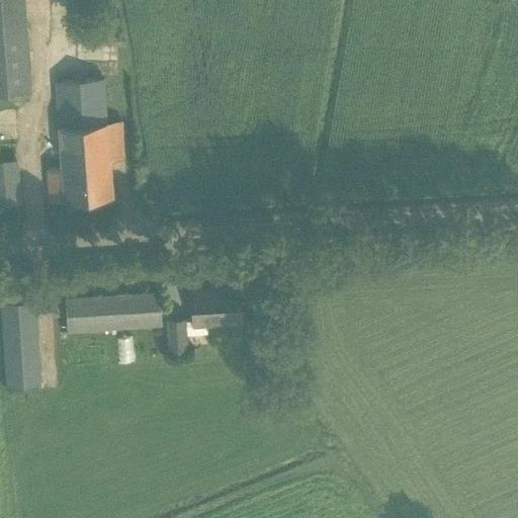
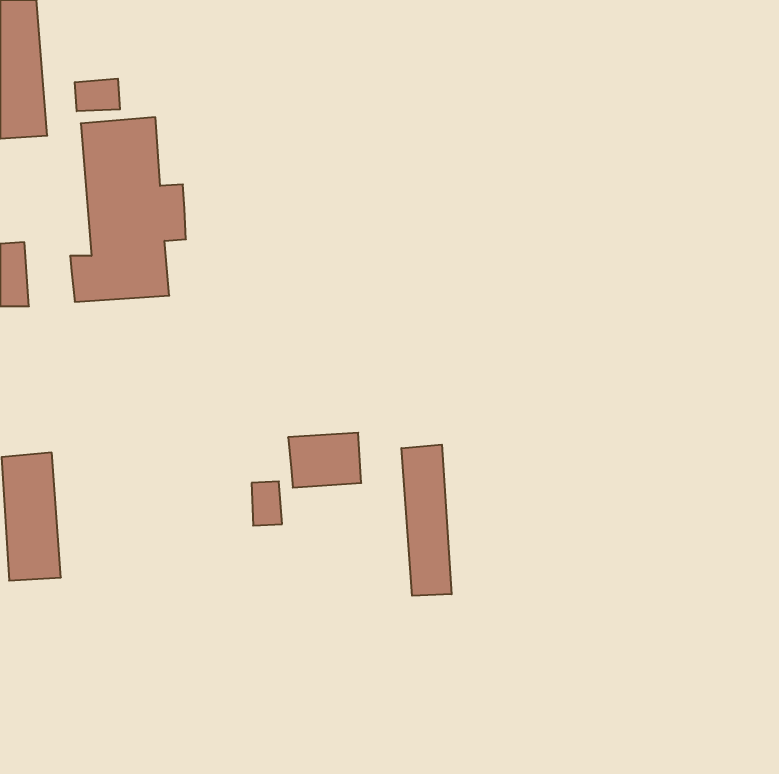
building: none -> [75,79,120,111]
building: [65,295,161,335] -> none
building: none -> [401,445,452,596]

